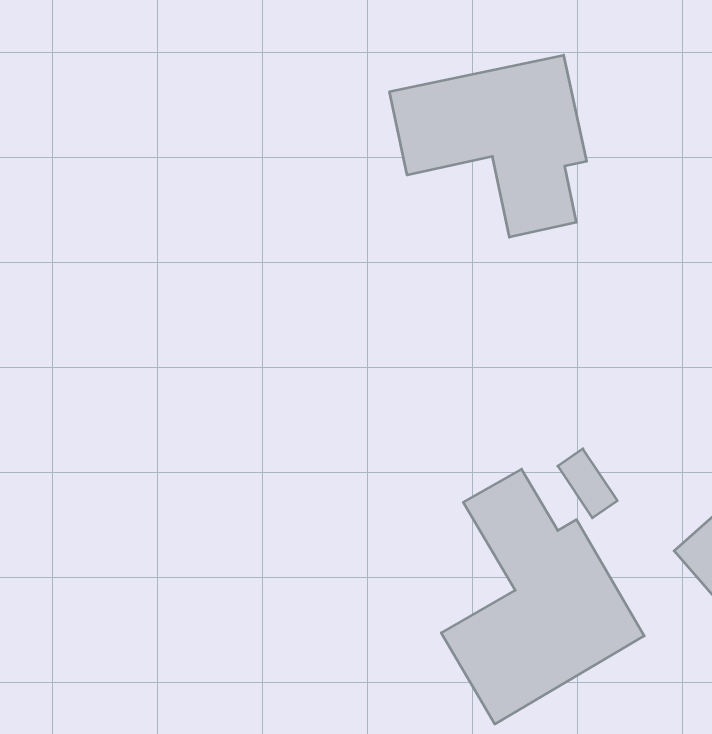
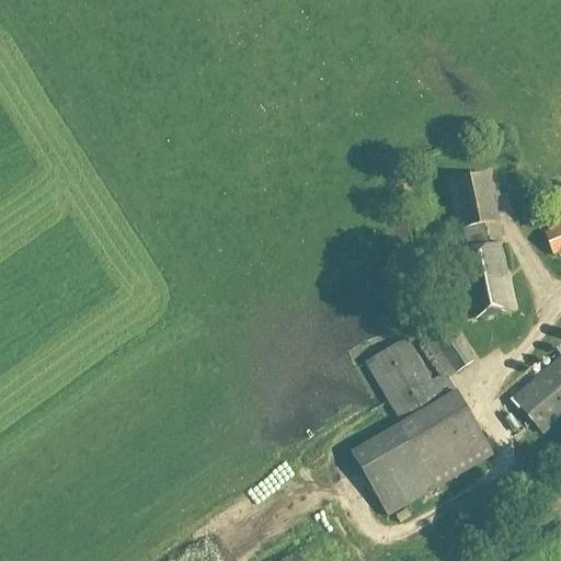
building: [390,55,587,237] -> none
building: none -> [450,170,516,314]

